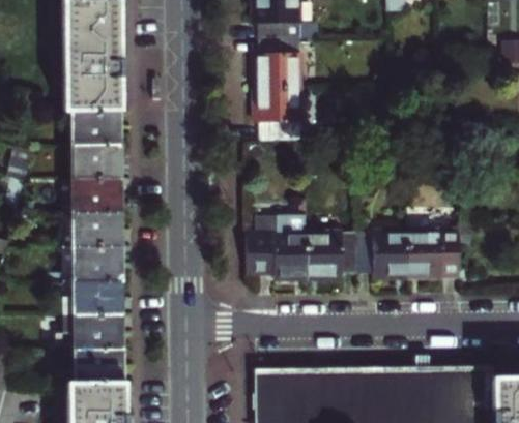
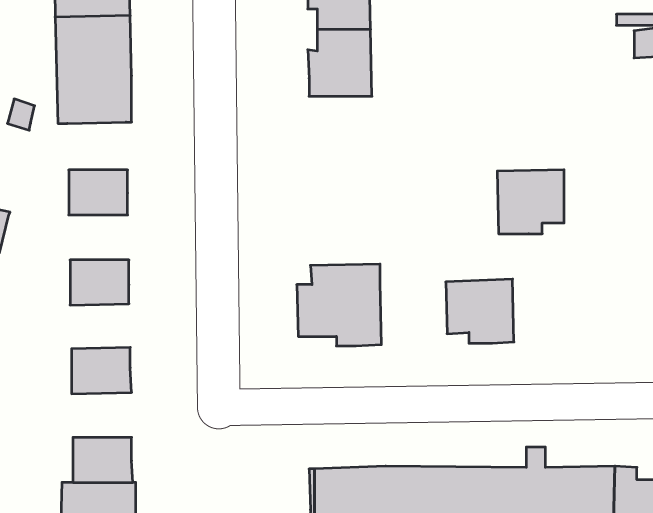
building: [257,91,305,141] -> none
building: [74,111,119,147] -> none
building: [75,181,120,215] -> none
building: [411,229,462,277] -> [497,170,564,234]
building: [311,232,362,279] -> none
building: [76,248,121,282] -> none
building: [77,315,122,350] -> none

